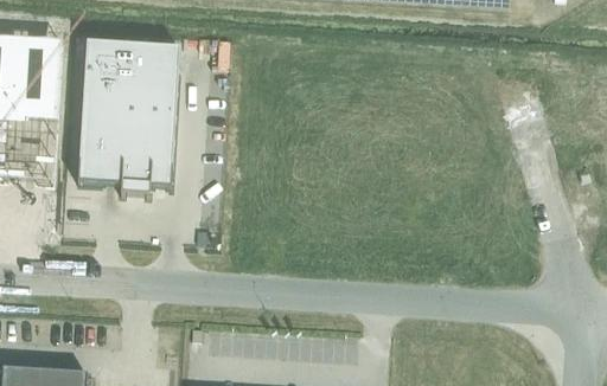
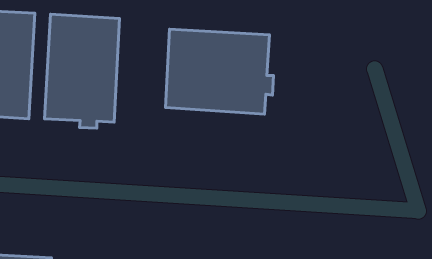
building: none -> [165,29,274,114]

